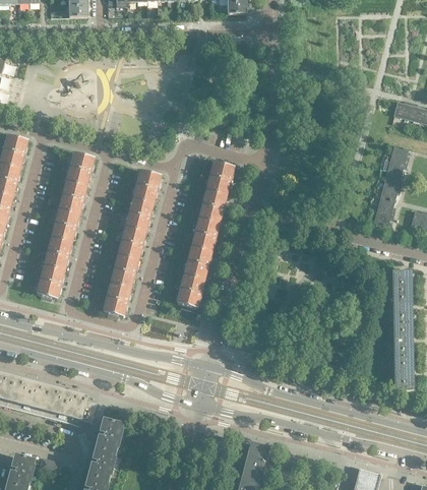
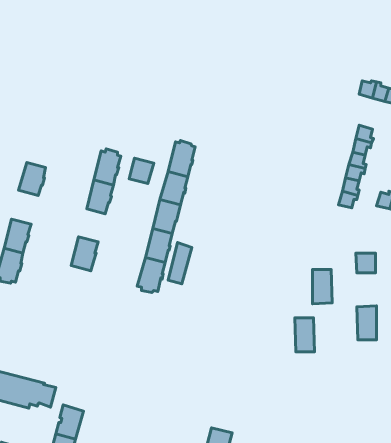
building: [67,151,94,187] -> none
building: none -> [129,158,154,183]
building: [52,209,78,243] -> none
building: [118,228,144,260] -> none
building: none -> [168,243,192,284]
building: [103,284,130,319] -> none
building: [392,291,412,324] -> [313,270,332,304]
building: [393,357,413,390] -> [295,318,314,352]

